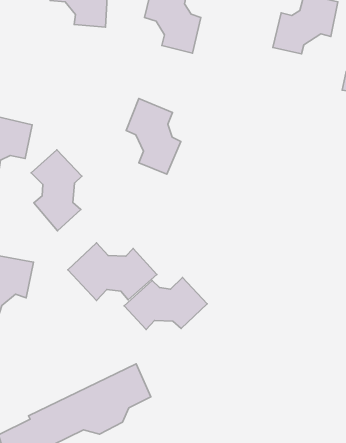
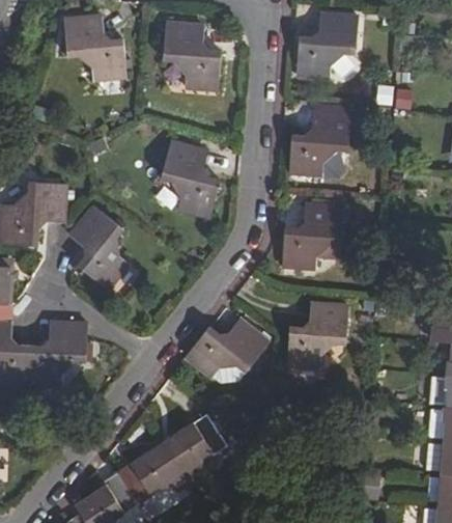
building: none -> [289,111,348,172]
building: none -> [283,204,342,268]
building: [68,243,157,300] -> none
building: none -> [286,303,346,367]

